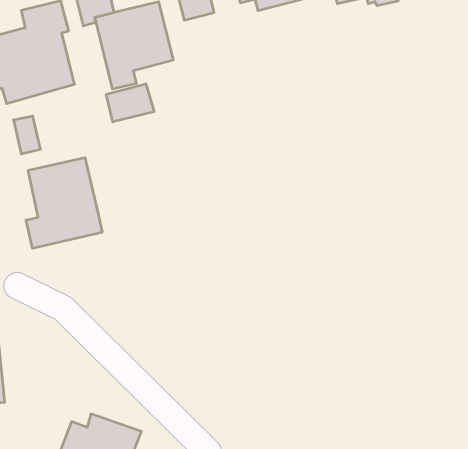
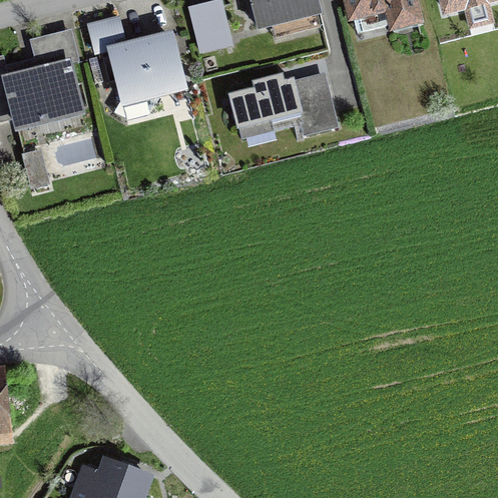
building: none -> [226,70,339,143]
building: [106,84,154,122] -> none
building: [26,158,102,248] -> none

